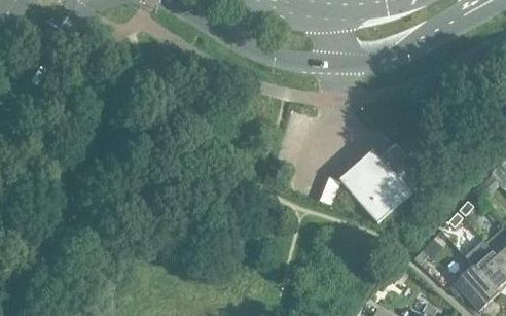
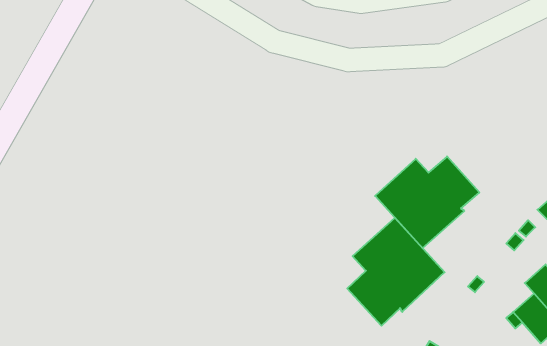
building: none -> [347,218,445,326]

